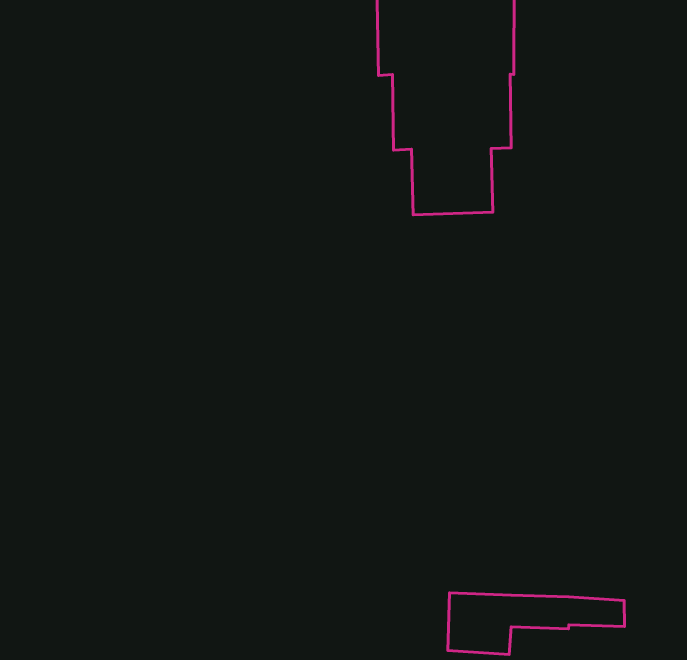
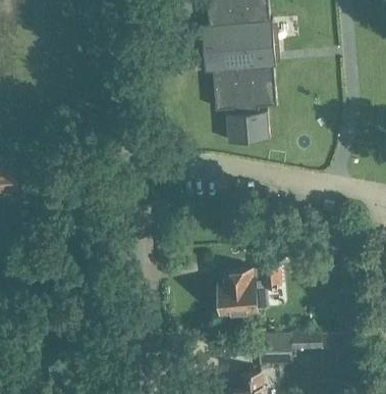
building: none -> [218,269,280,314]

